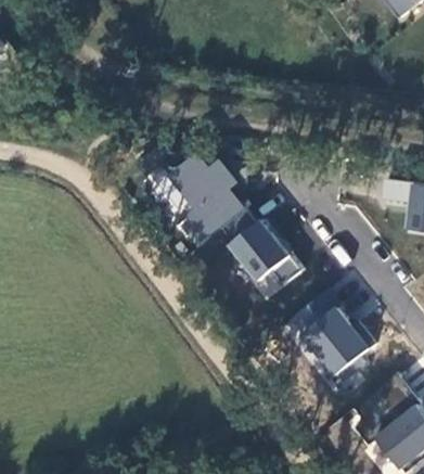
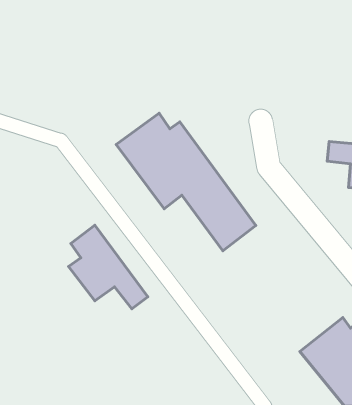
building: none -> [69,225,148,309]
building: [286,290,374,382] -> none

